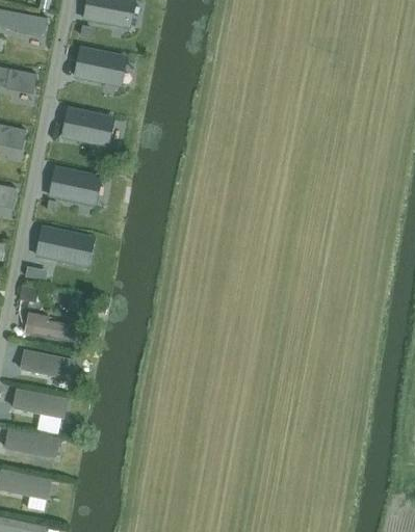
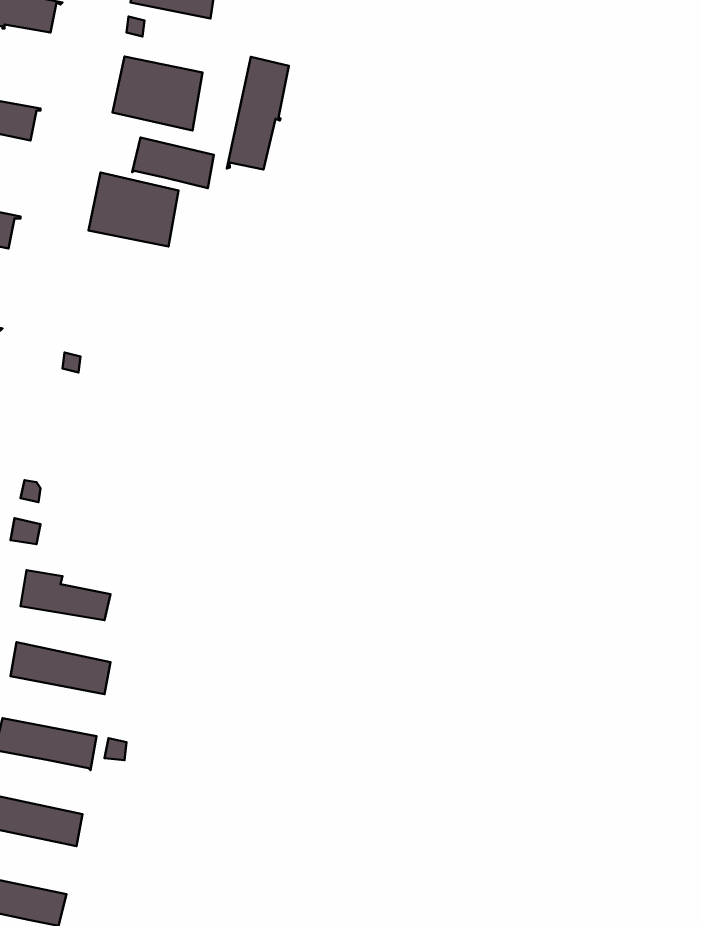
building: none -> [227,57,289,170]
building: none -> [132,138,214,188]
building: [50,166,97,205] -> none
building: [36,227,84,264] -> none

